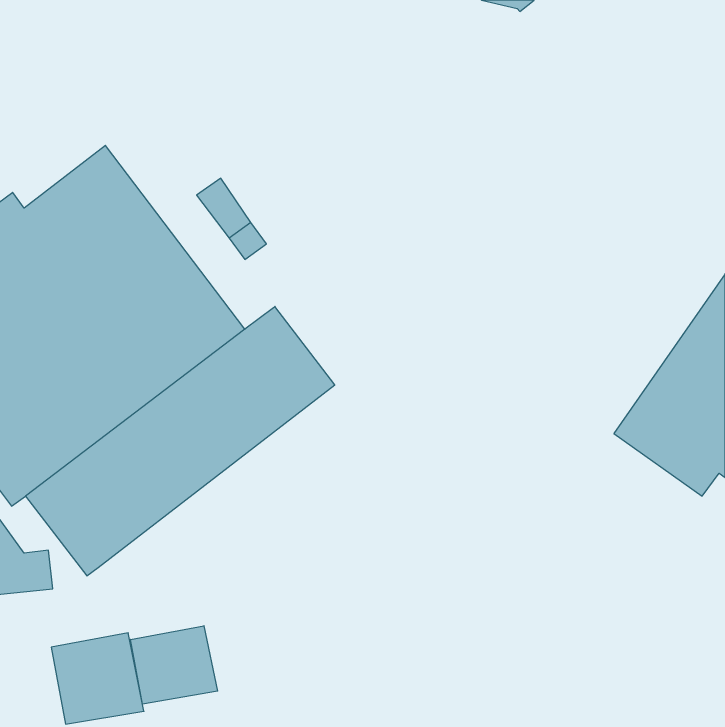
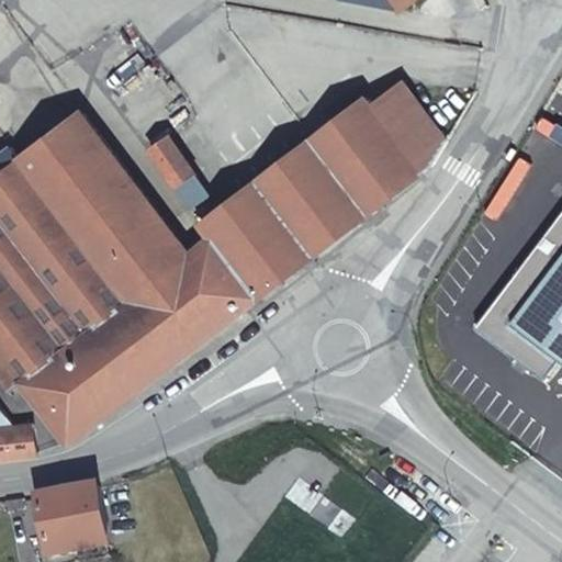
building: none -> [201,81,446,297]
building: [130,626,218,704] -> none

